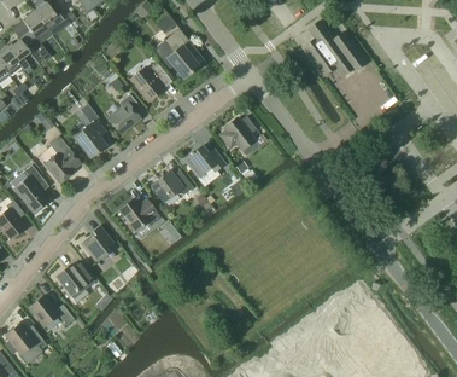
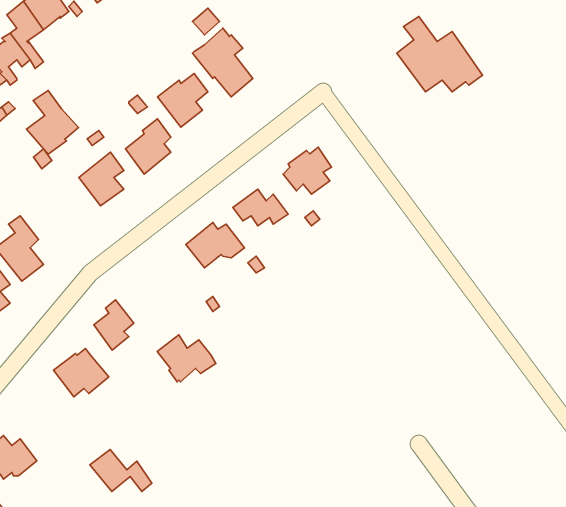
building: [45,135,82,181] -> [26,90,78,154]
building: [119,197,162,231] -> [157,335,216,382]
building: [30,295,75,325] -> [90,450,152,491]

